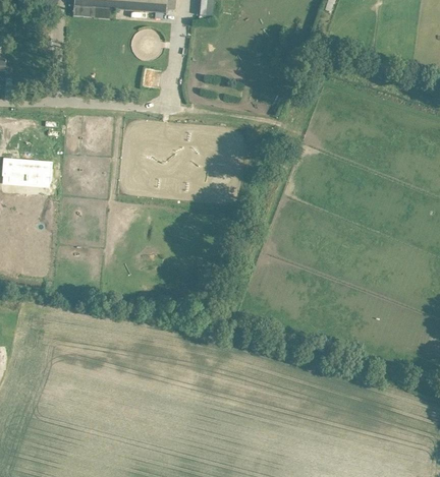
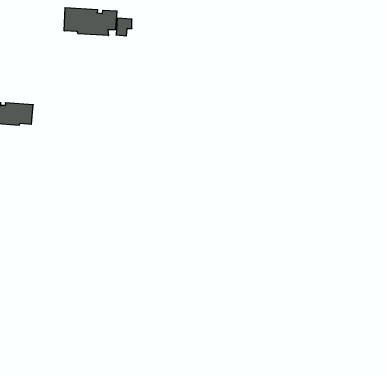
building: none -> [64,8,117,36]

